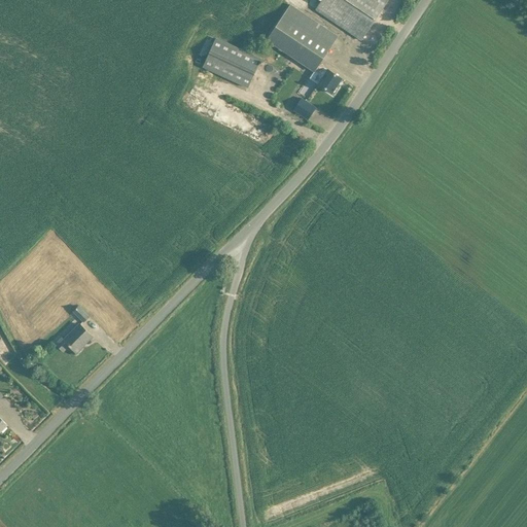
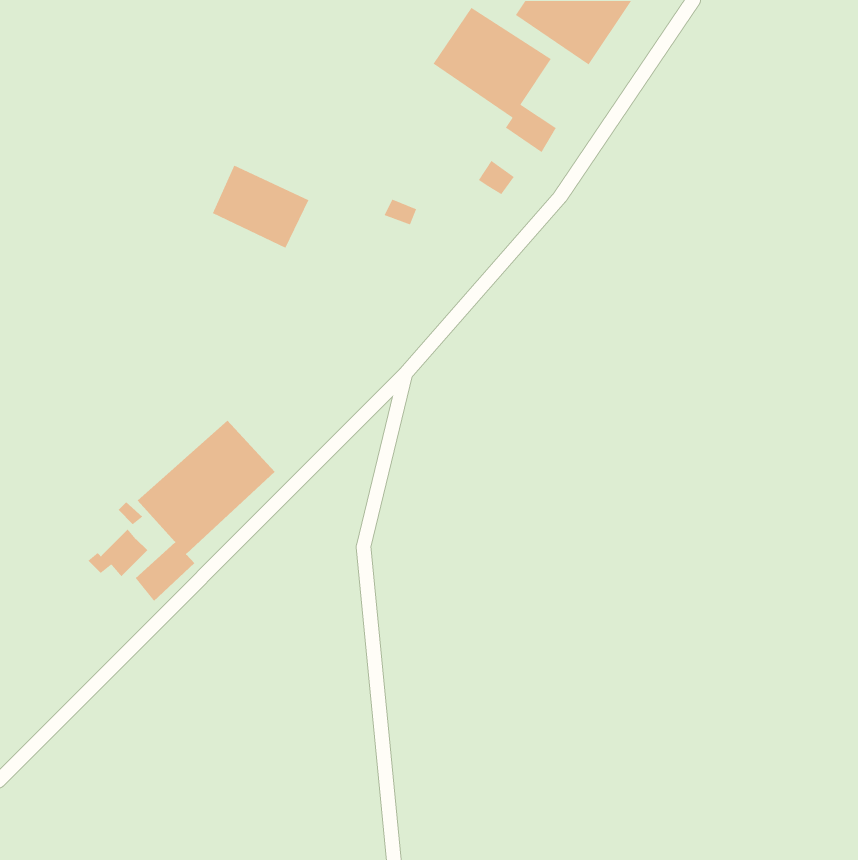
building: [202,37,261,89] -> [212,165,310,249]
building: none -> [135,420,275,602]

